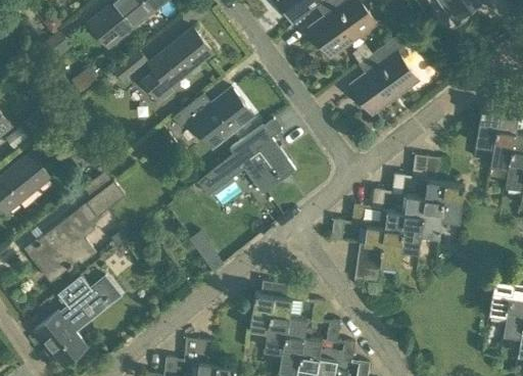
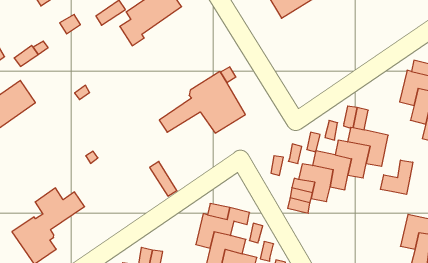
building: [350,37,418,114] -> none
building: [172,88,253,149] -> none
building: [25,172,126,282] -> none
building: none -> [380,160,413,194]

